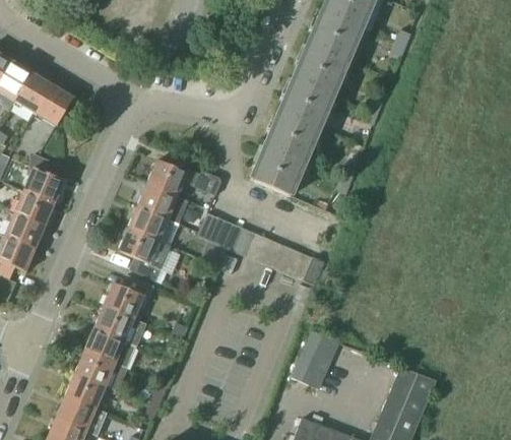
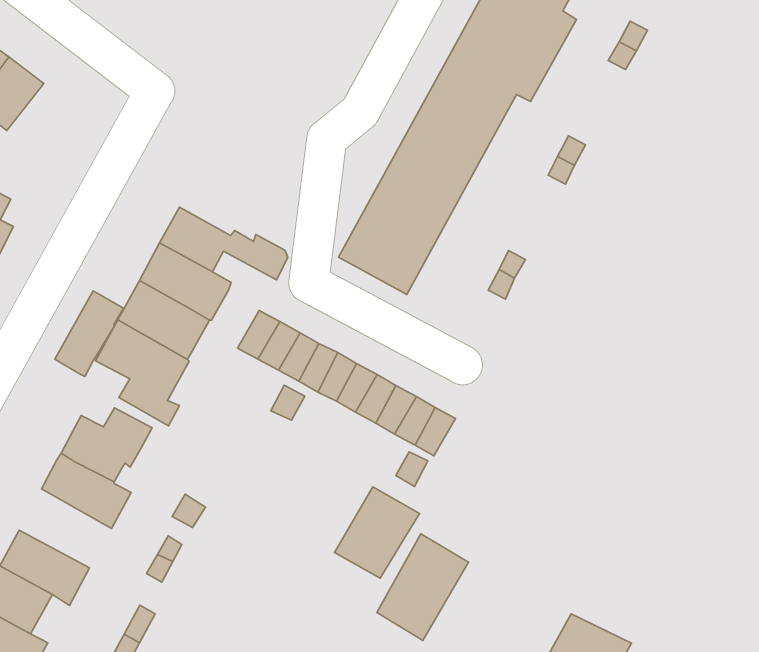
building: none -> [55,291,123,377]
building: none -> [334,487,420,578]
building: [84,327,136,369] -> none

